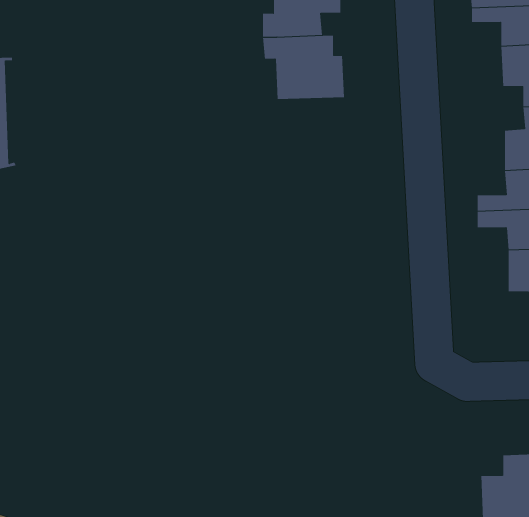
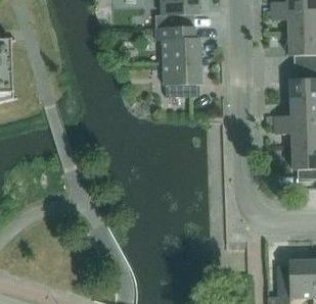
building: none -> [163,60,200,96]

